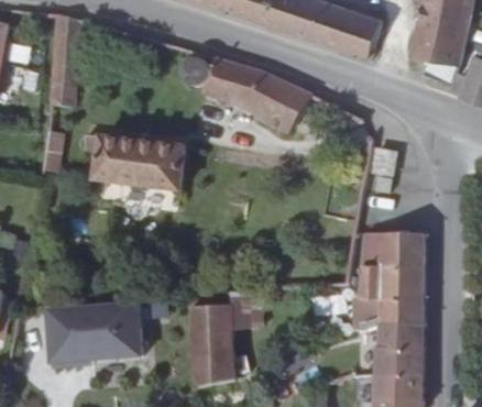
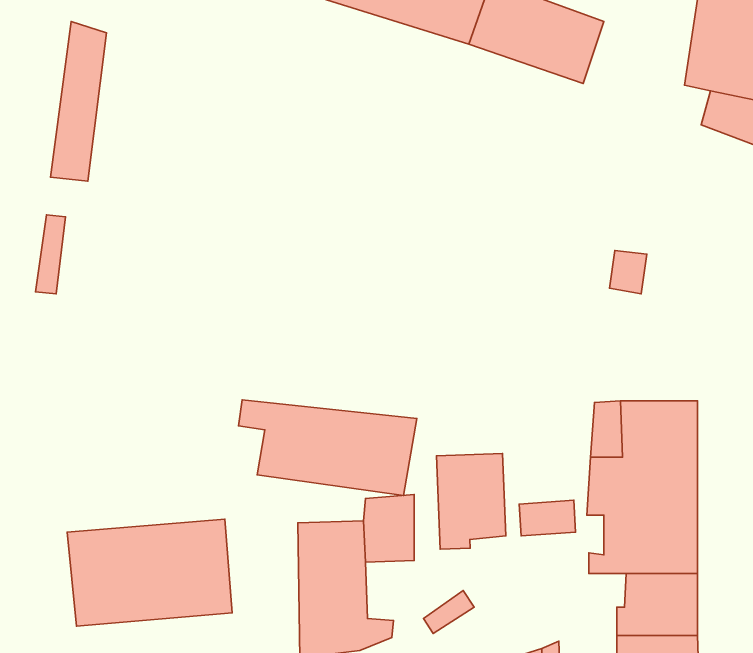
building: [178,50,311,126] -> none
building: [100,140,205,196] -> [239,400,417,495]
building: none -> [437,453,506,549]

